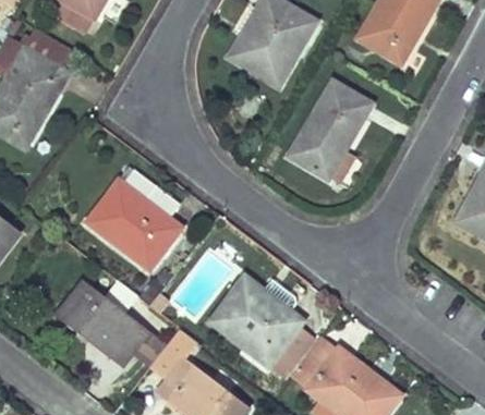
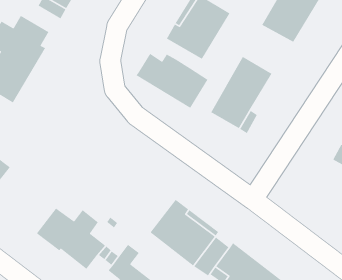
building: none -> [135,53,208,109]
building: [87,171,181,272] -> none

